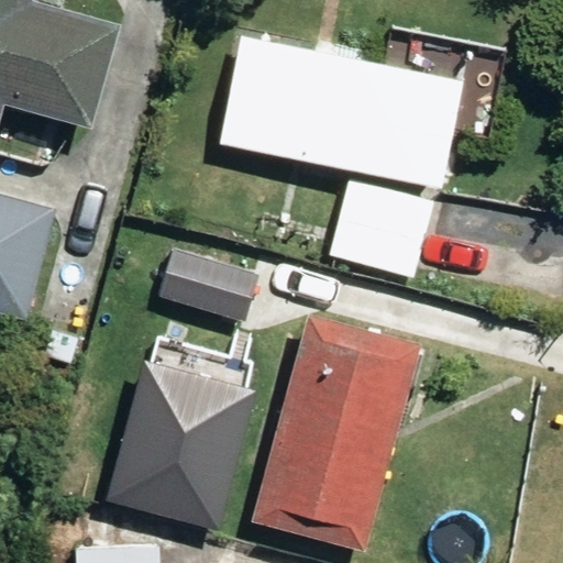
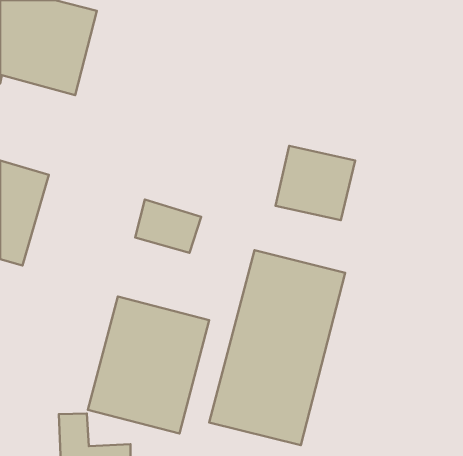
building: [220,34,461,184] -> none

